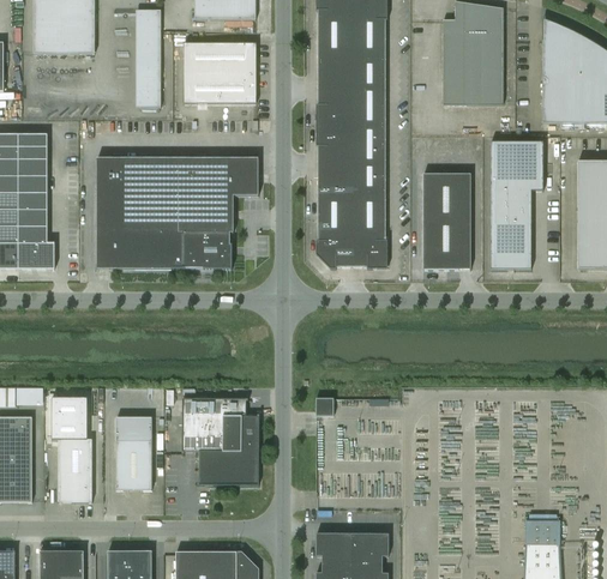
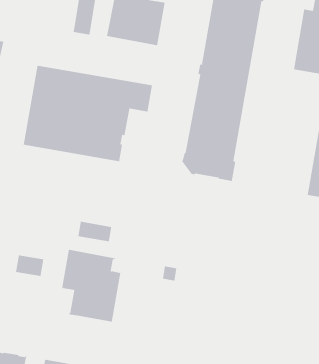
building: [423,174,470,269] -> none
building: none -> [78,221,112,242]
building: [116,440,152,489] -> none

